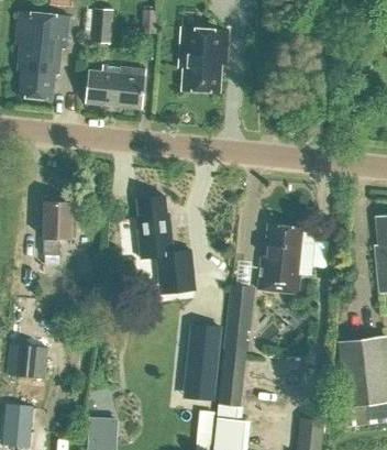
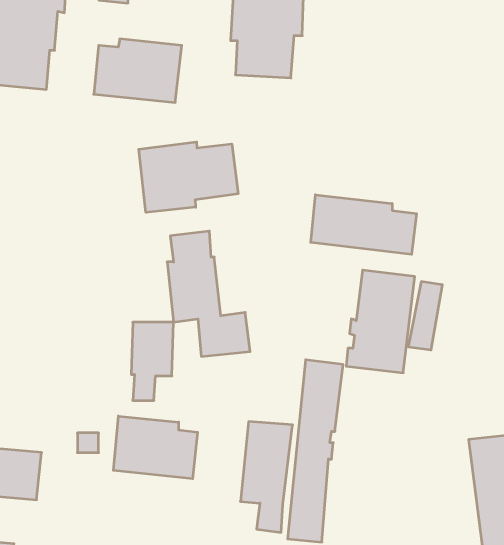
building: none -> [139,142,238,212]
building: none -> [311,195,416,254]
building: [43,201,71,254] -> [131,322,174,400]
building: none -> [113,416,198,479]

